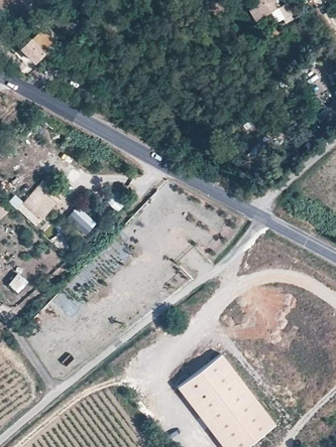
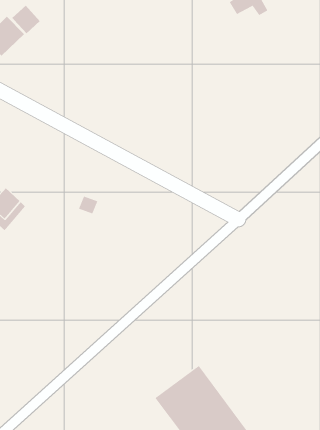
building: none -> [11,5,40,34]
building: [66,205,96,235] -> none

